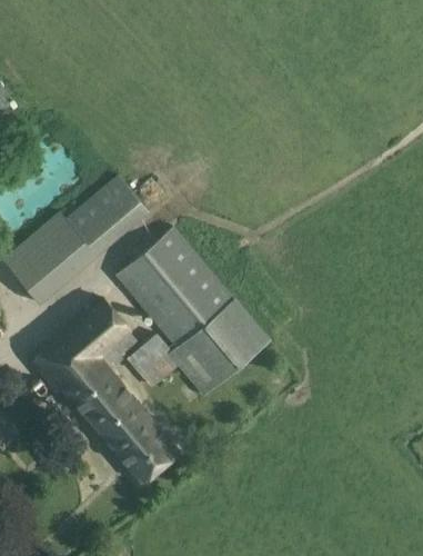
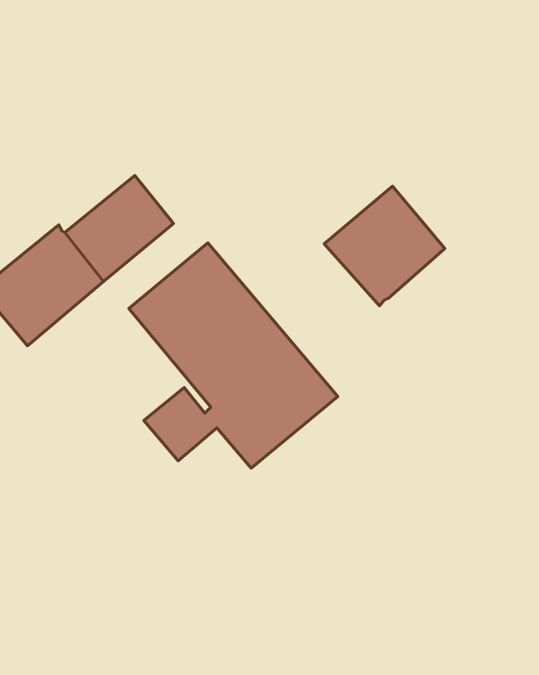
building: none -> [324,186,445,306]
building: [30,299,178,484] -> none

